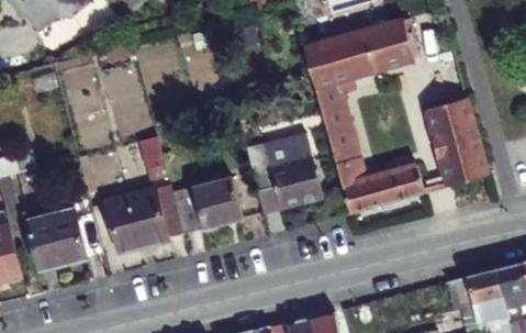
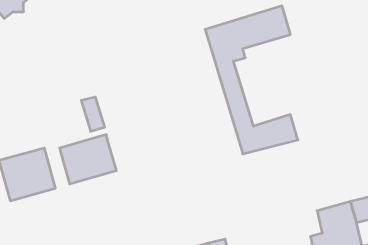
building: [427,93,485,180] -> none
building: [248,131,323,208] -> none
building: [172,173,240,230] -> none

